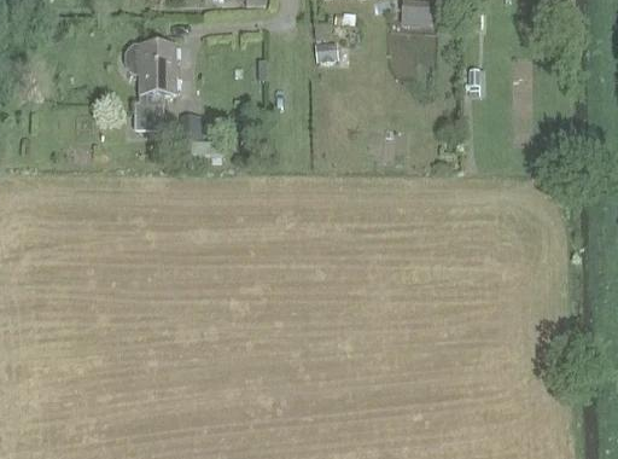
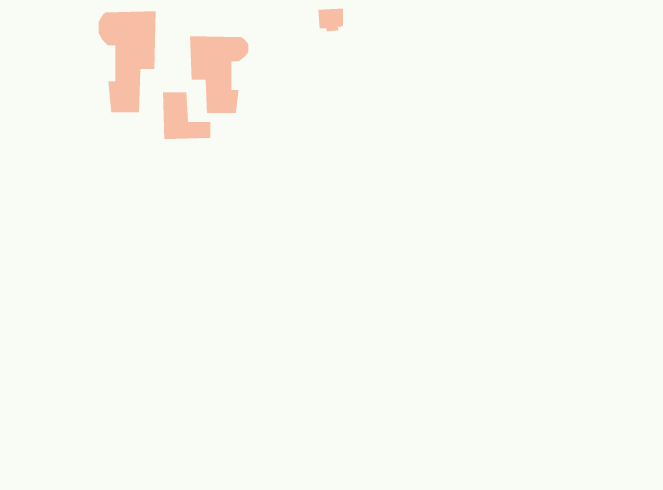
building: none -> [190,35,249,114]

